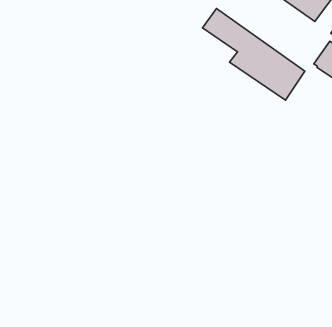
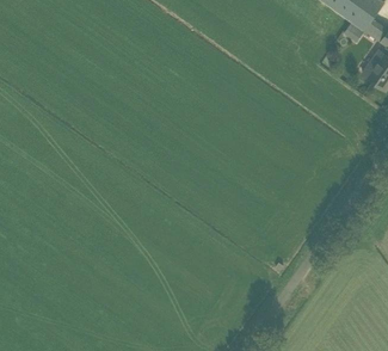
building: [203,9,305,100] -> none

